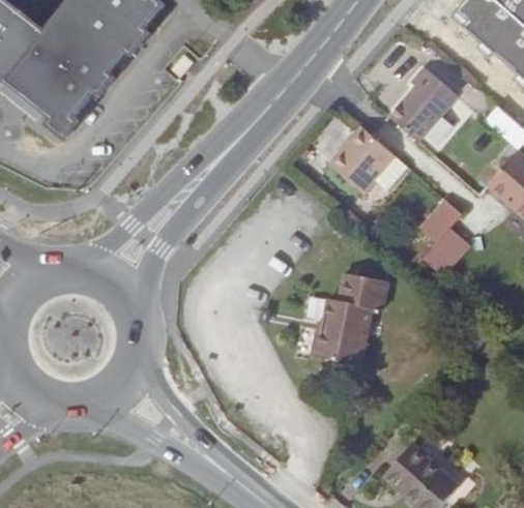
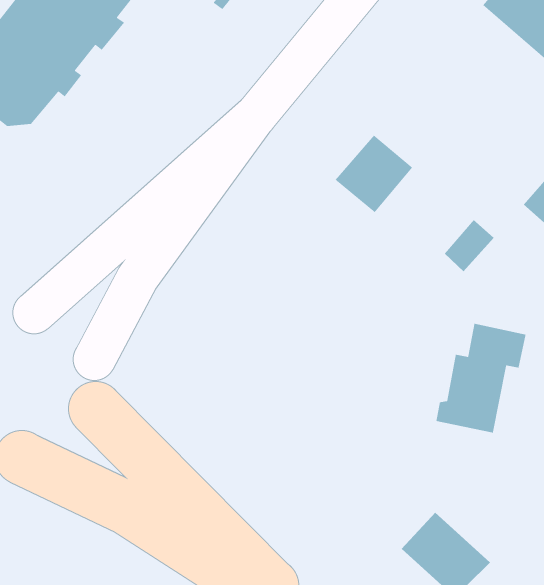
building: [391,67,459,141] -> none
building: [424,228,469,274] -> none
building: [313,271,389,364] -> [436,323,527,434]

